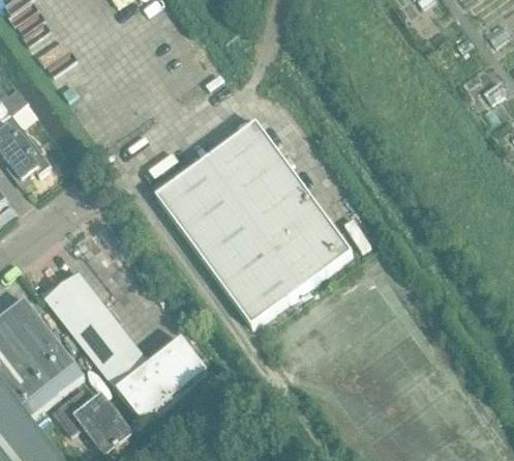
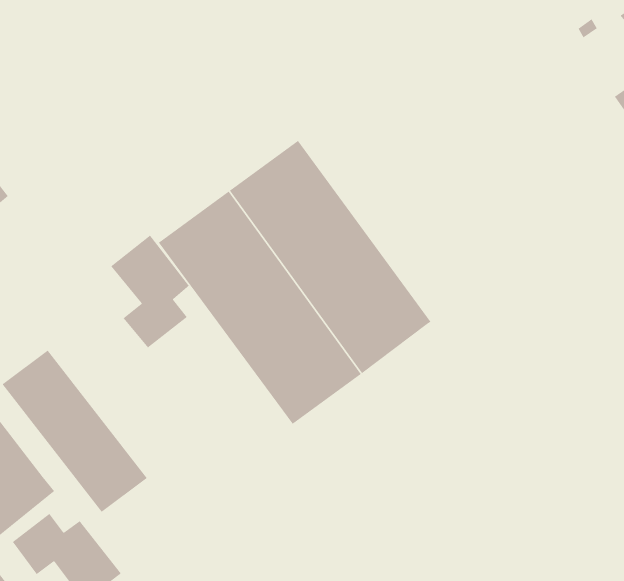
building: none -> [110,235,190,349]
building: [115,338,206,422] -> none

